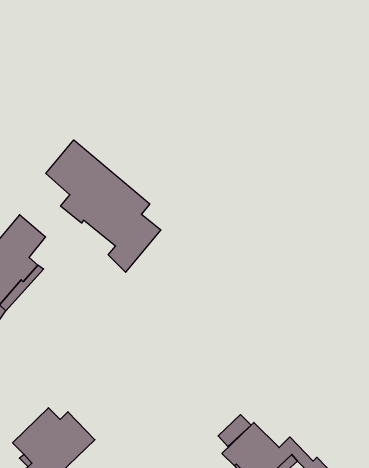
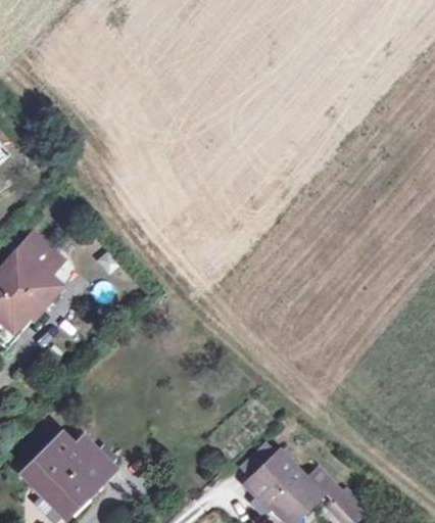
building: [46,140,161,272] -> none

